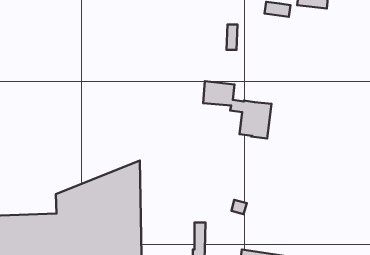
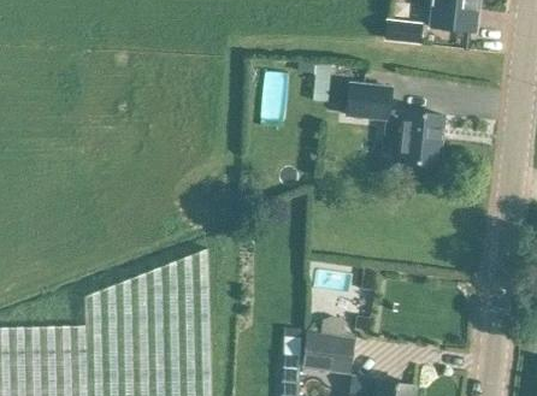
building: [203,81,271,138] -> [347,83,444,165]
building: none -> [303,333,353,373]

